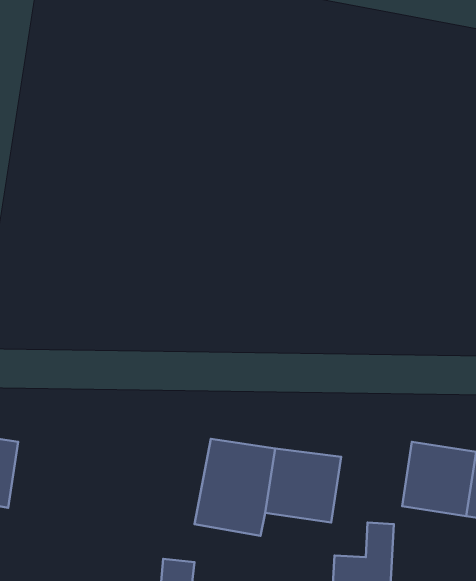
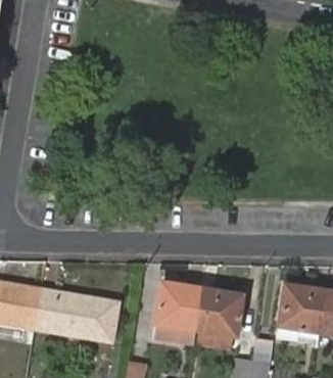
building: none -> [34,287,118,340]

